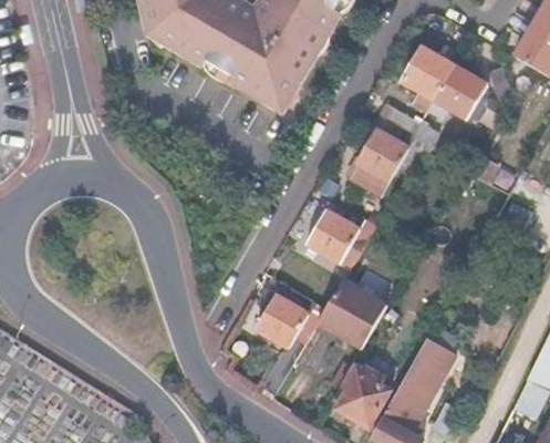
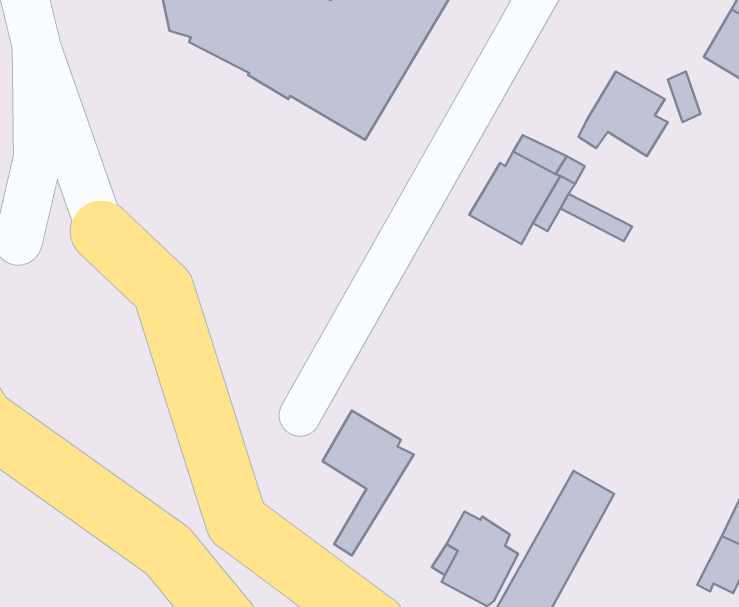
building: [401,44,454,96] -> none
building: [308,209,376,269] -> none
building: [318,278,385,347] -> none

